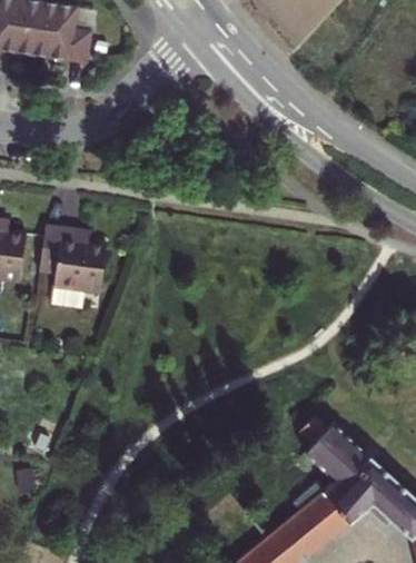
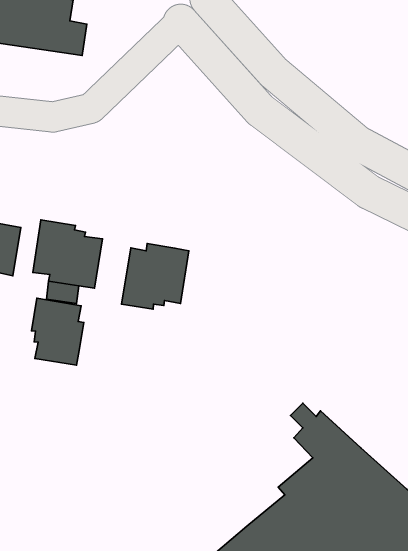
building: none -> [121,244,189,309]
building: none -> [32,298,84,365]

